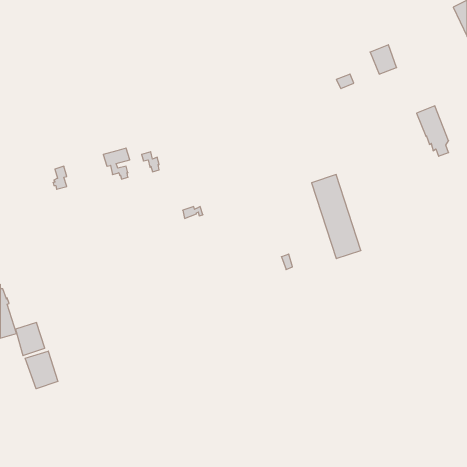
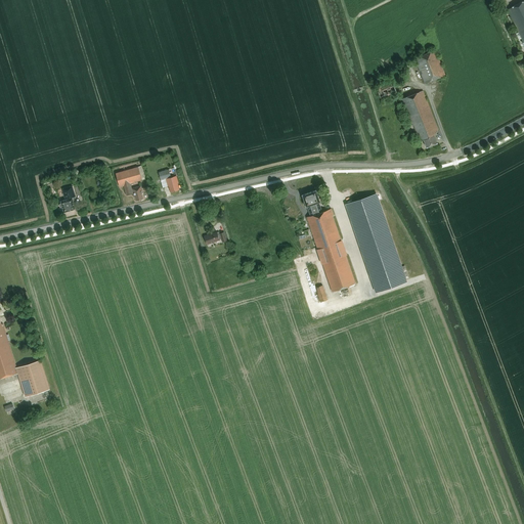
building: [417,106,449,156] -> [401,91,437,147]
building: none -> [302,189,356,292]
building: [25,351,58,389] -> none

